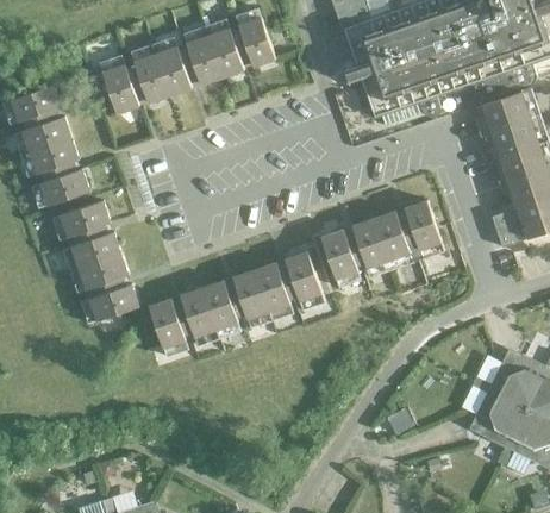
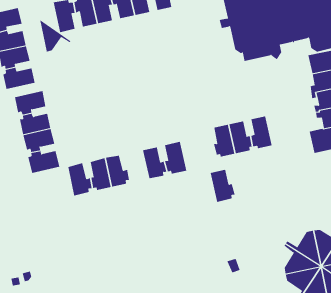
building: none -> [40,19,71,53]
building: [320,230,361,280] -> [210,169,236,203]
building: [232,270,268,318] -> none

